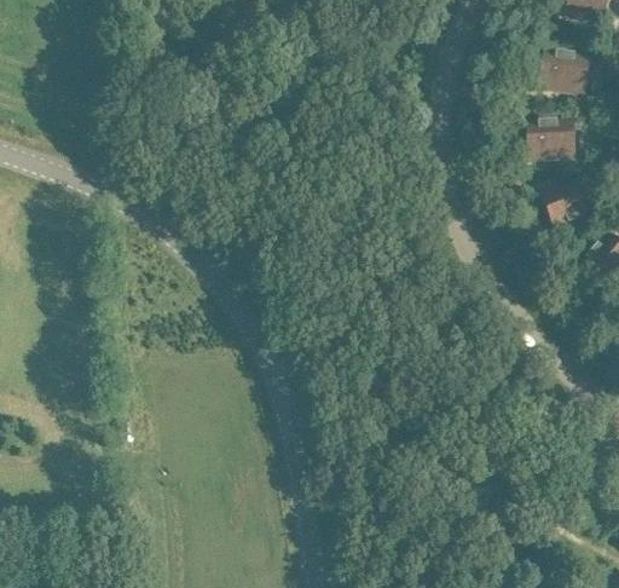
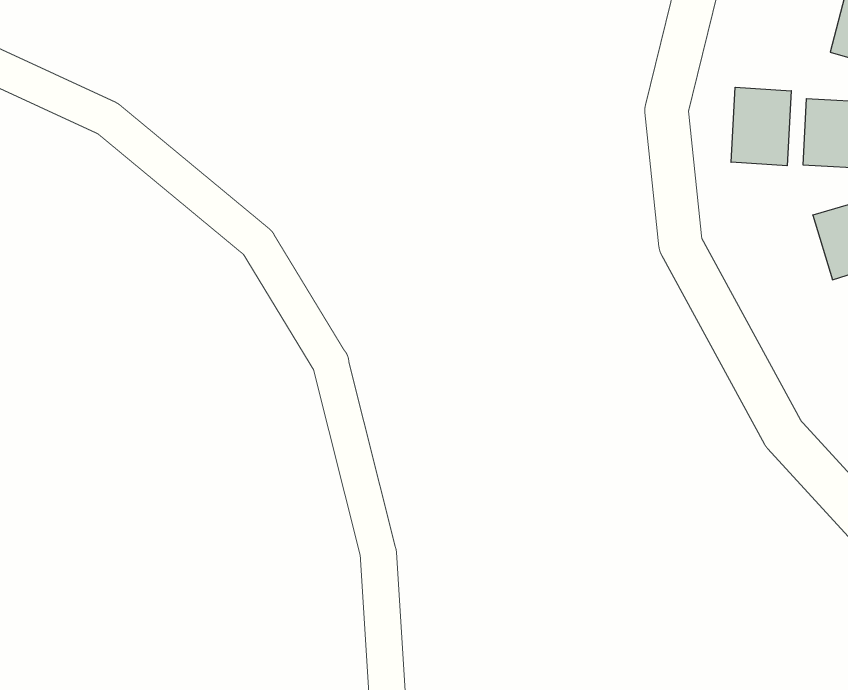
building: none -> [731,87,791,166]

